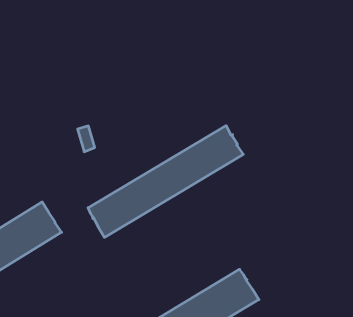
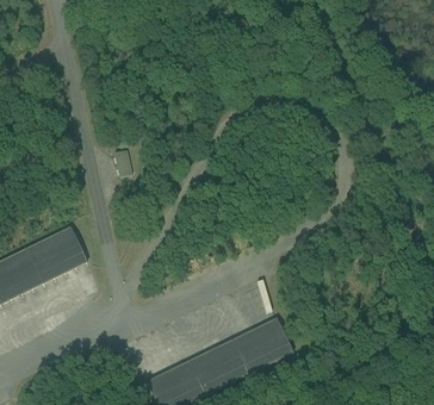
building: [88,126,243,237] -> none

